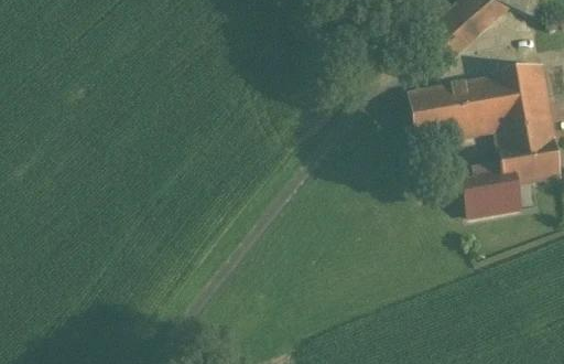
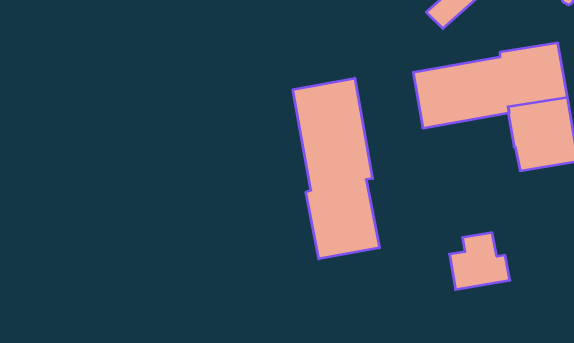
building: none -> [293,78,379,259]
building: [466,163,522,216] -> [449,233,510,290]

